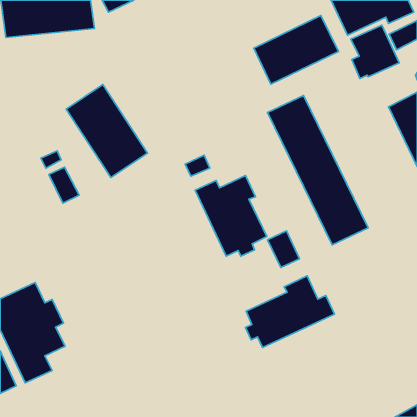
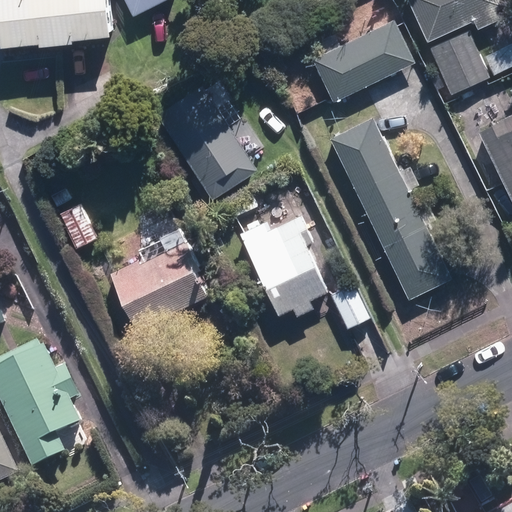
building: [66,85,148,178] -> [157,85,257,199]
building: none -> [108,229,205,329]
building: [246,276,335,348] -> none

